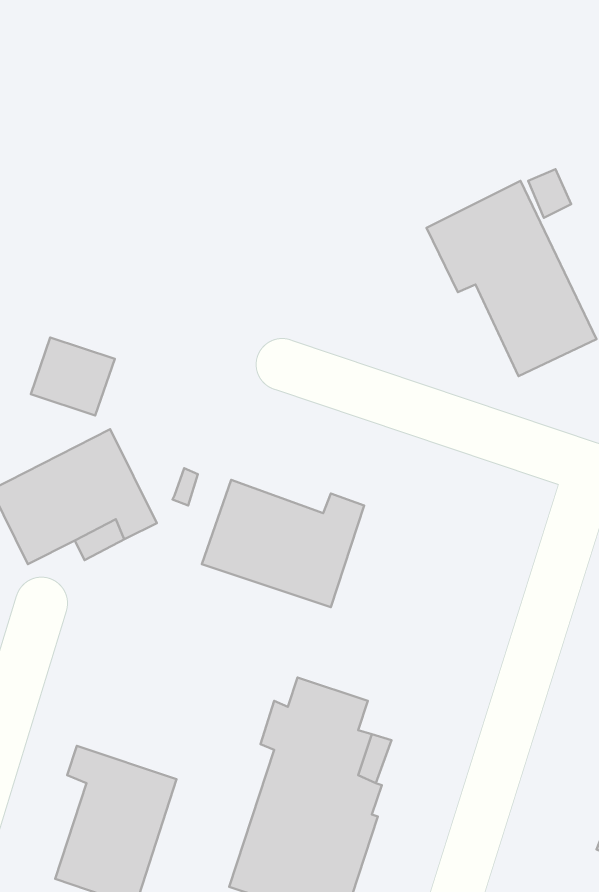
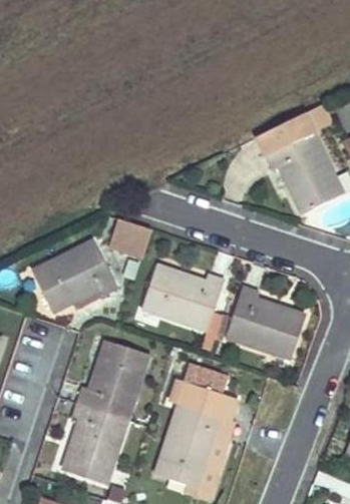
building: [31,337,115,416] -> [108,217,151,258]
building: none -> [224,289,308,362]
building: none -> [76,341,149,419]

